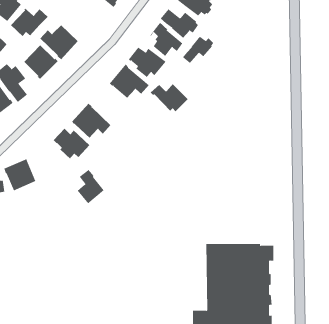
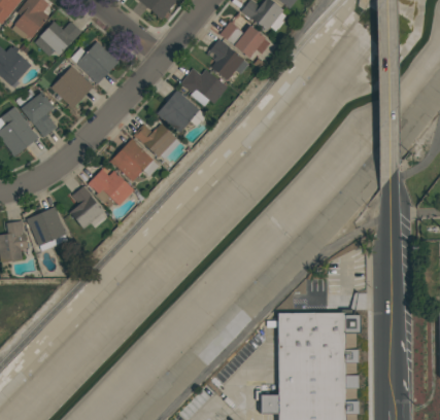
building: [182,36,214,64] -> none
building: [150,83,188,112] -> [133,124,180,160]
building: [77,169,105,204] -> [70,186,104,230]

